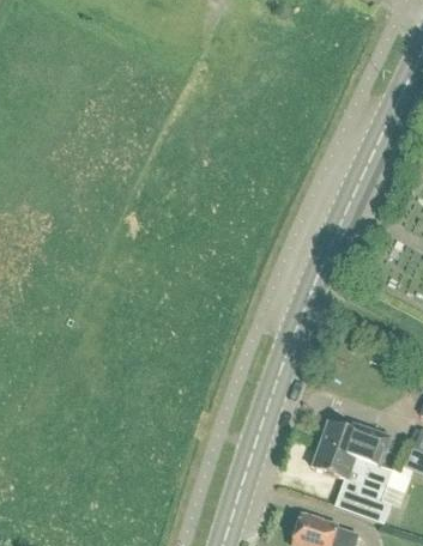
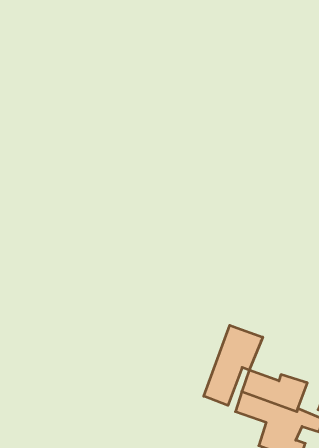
building: none -> [204,325,263,405]

